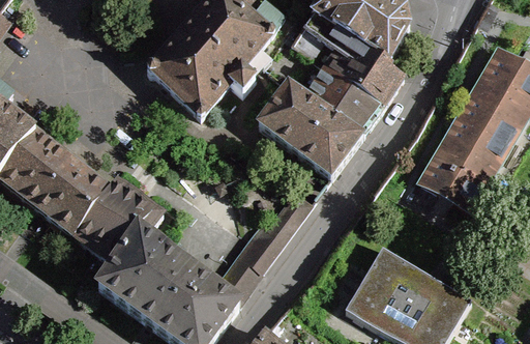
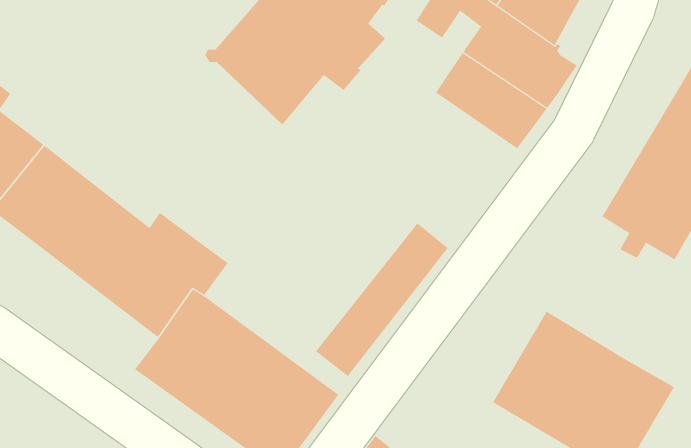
building: [258,83,362,177] -> none

